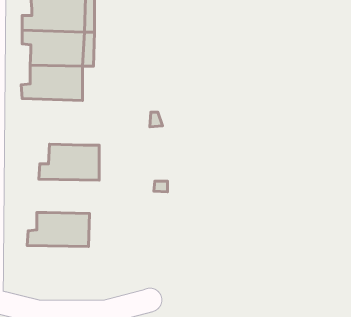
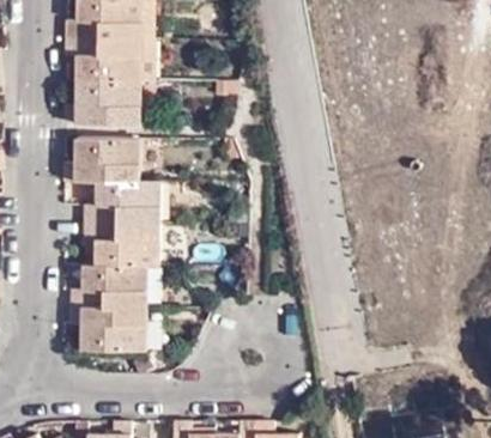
building: none -> [65,139,141,183]
building: none -> [85,225,159,267]
building: none -> [71,306,146,349]

